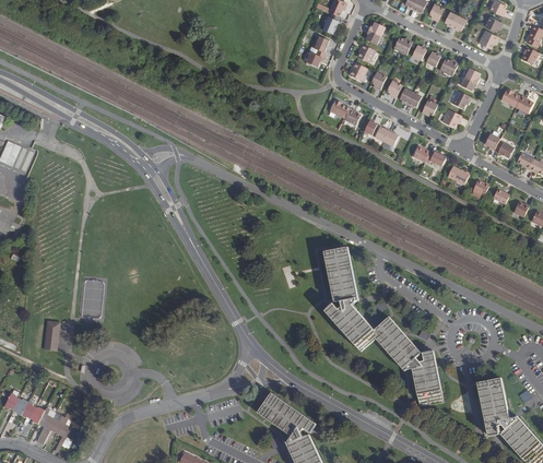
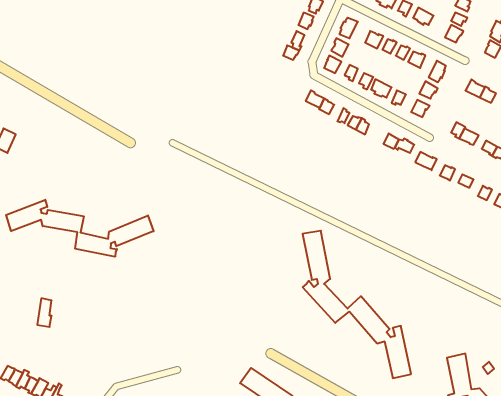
building: none -> [6,200,154,257]

